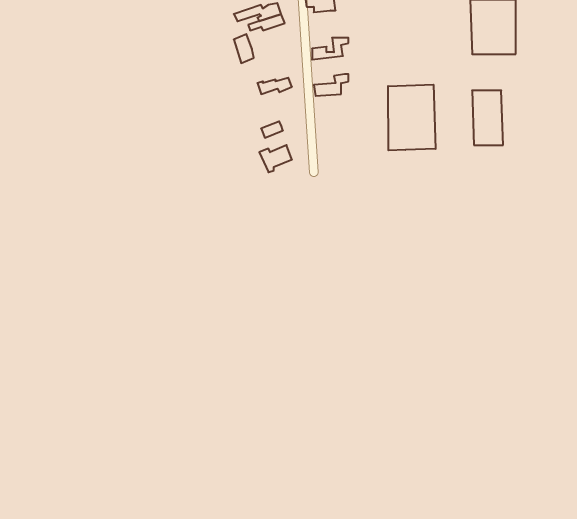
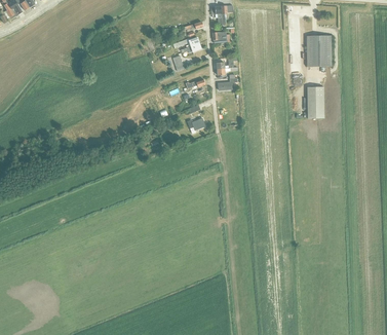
building: [388,85,436,150] -> none

